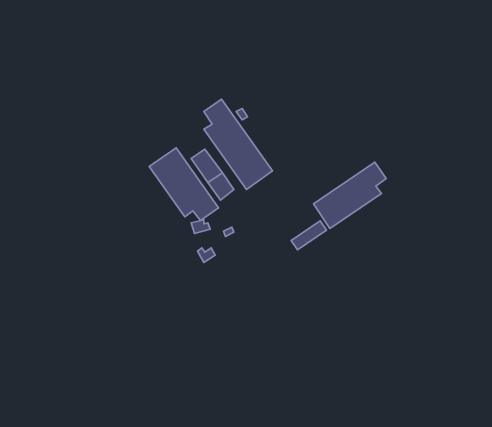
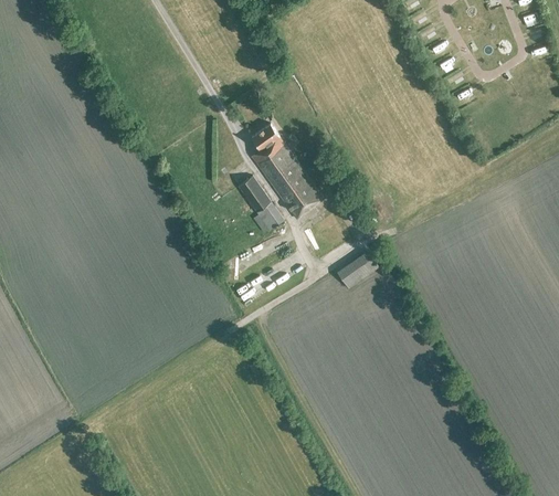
building: [149,148,218,221] -> none
building: [313,162,386,228] -> none

